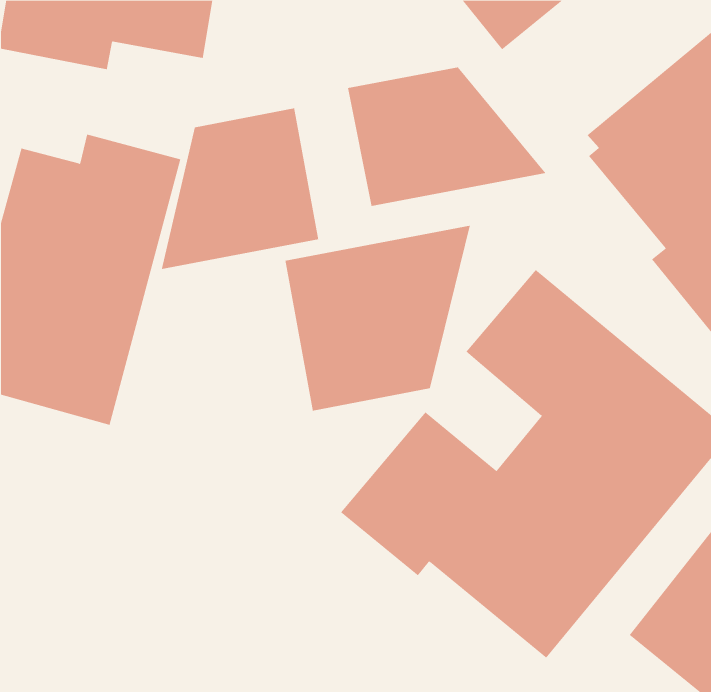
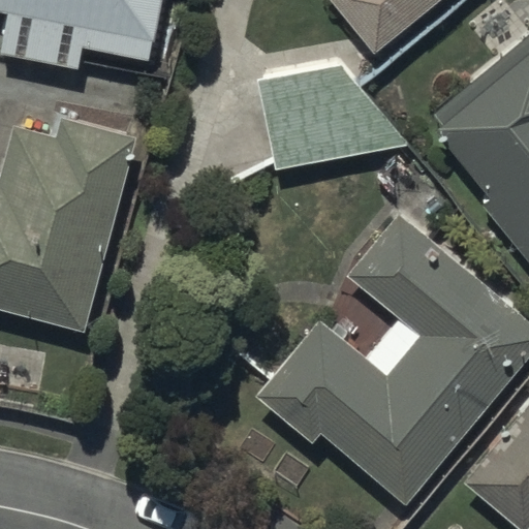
building: [161,107,319,270] -> none
building: [285,225,470,412] -> none

